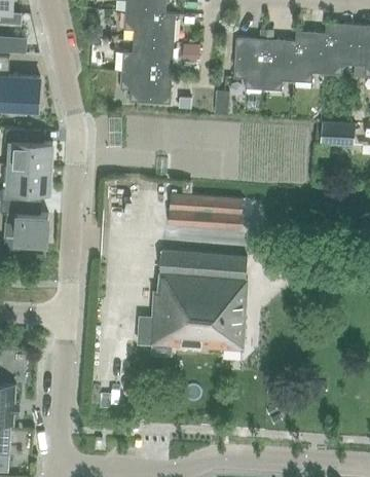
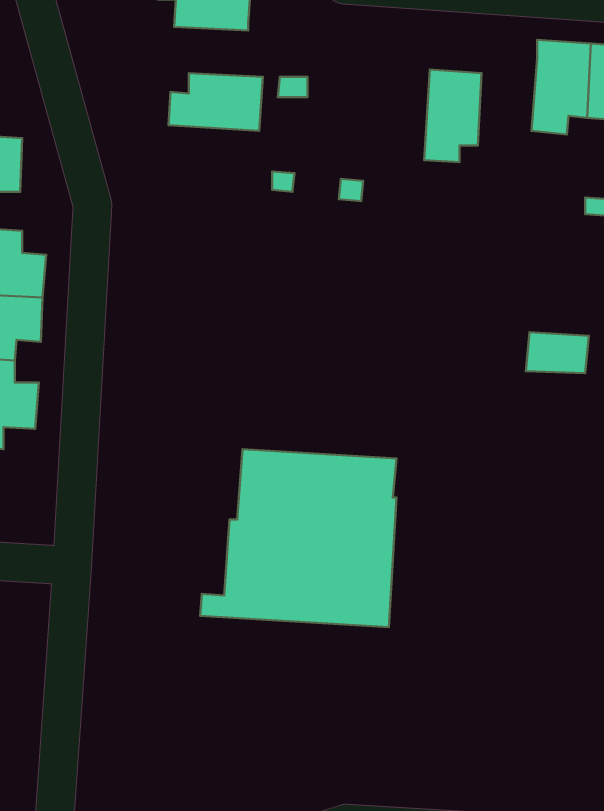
building: [123,14,176,44] -> none
building: [293,32,326,83] -> none
building: [233,38,266,90] -> none
building: [120,71,172,105] -> none
building: [322,121,357,144] -> [526,332,589,373]
building: [169,194,244,229] -> none

